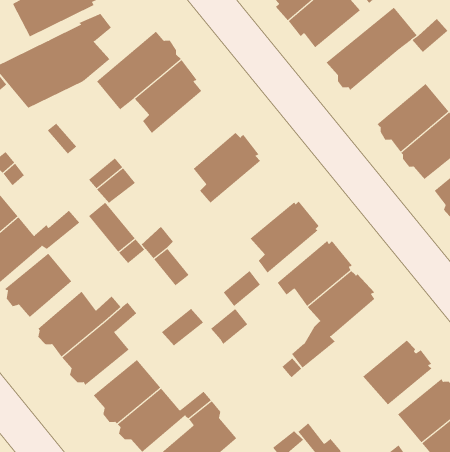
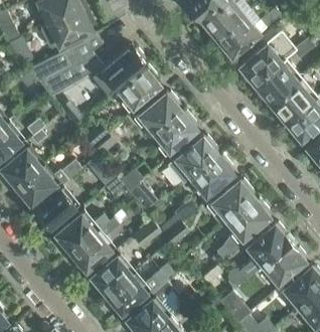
building: none -> [254,58,300,103]
building: none -> [134,92,181,134]
building: none -> [167,136,219,184]
building: none -> [227,223,290,287]

